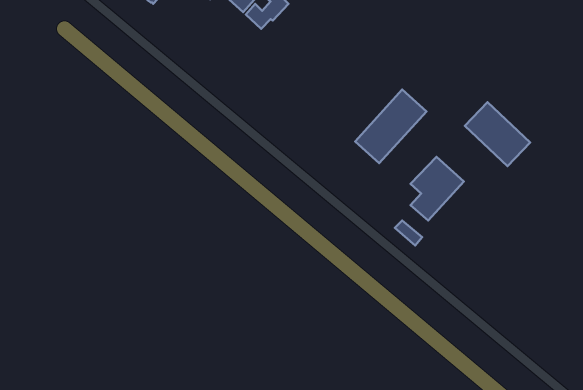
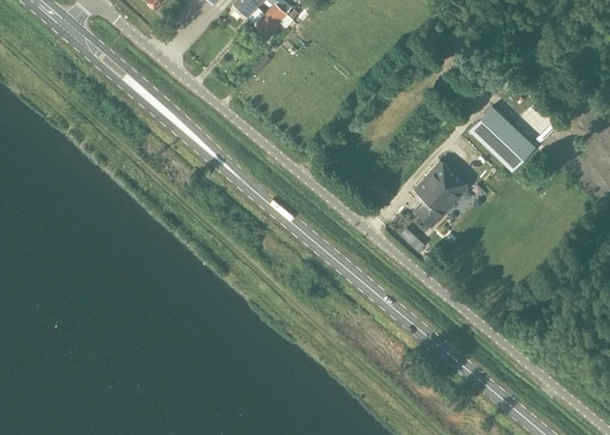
building: [355,90,426,163] -> none

